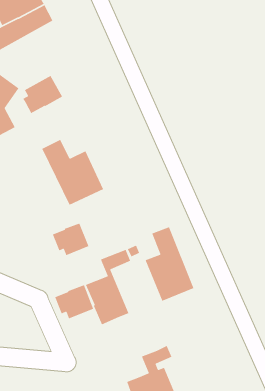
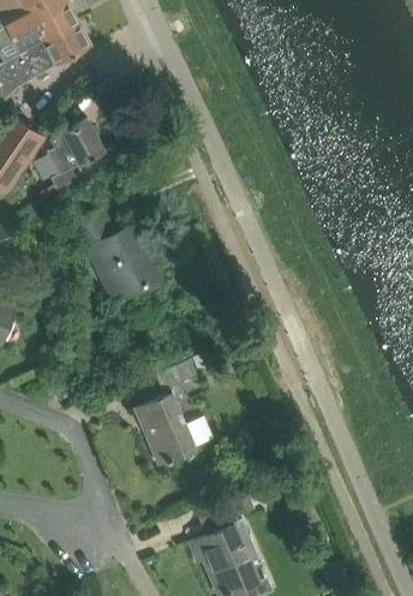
building: [52,222,90,256] -> none
building: [145,226,195,302] -> none
building: [54,284,94,319] -> none

